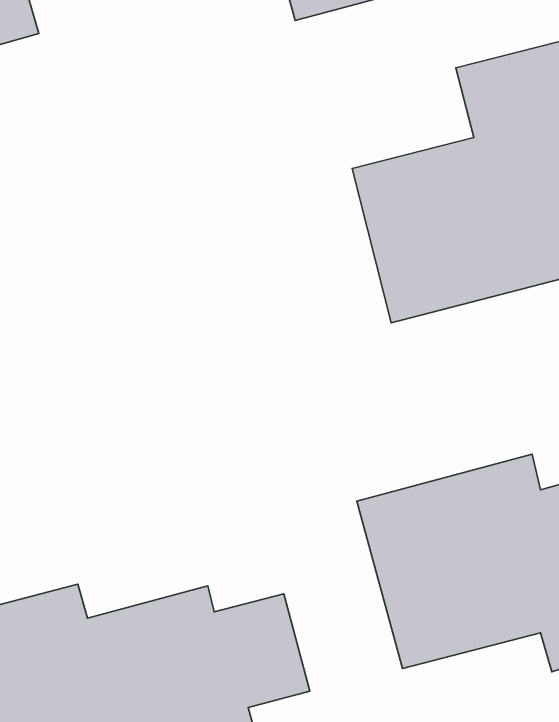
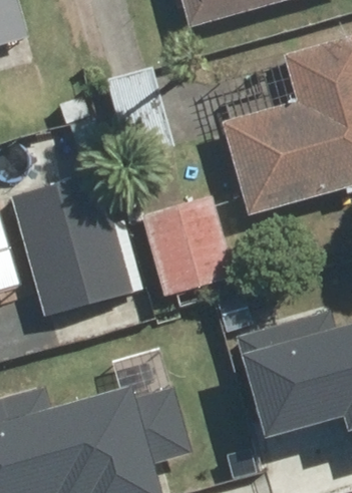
building: none -> [10,179,116,321]
building: none -> [137,187,239,303]

